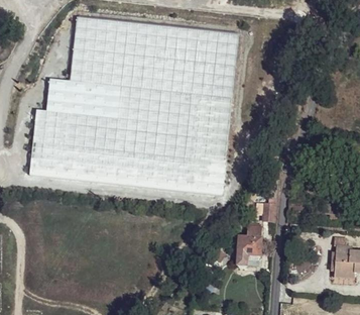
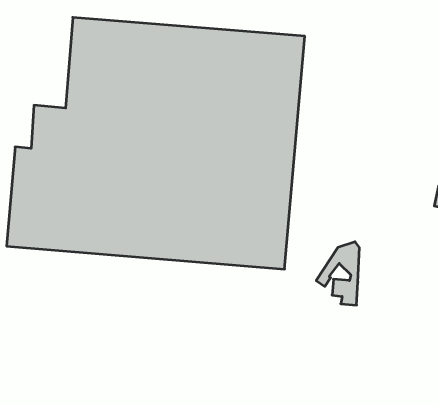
building: [238,225,263,269] -> none

